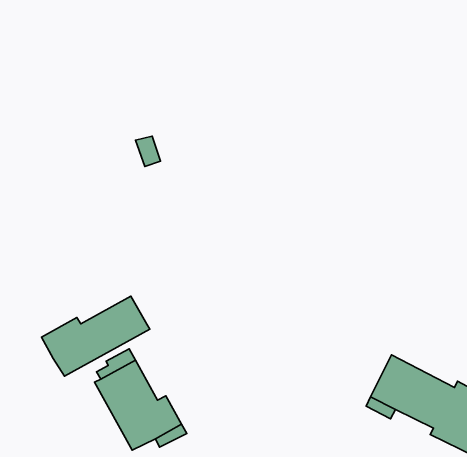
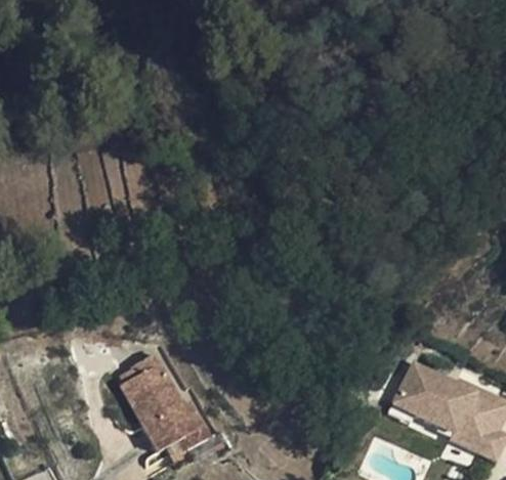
building: [41,296,150,376] -> none

